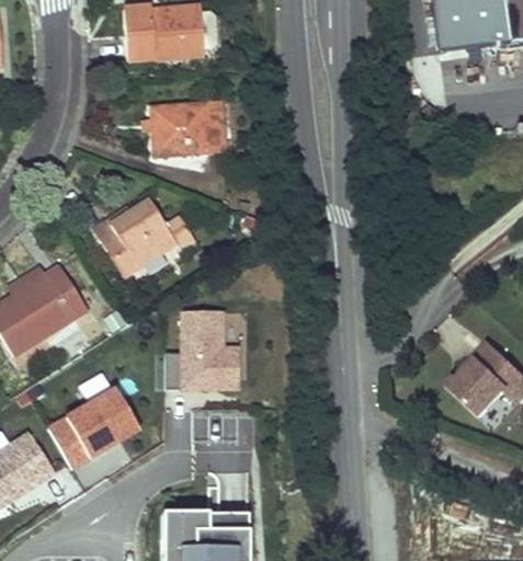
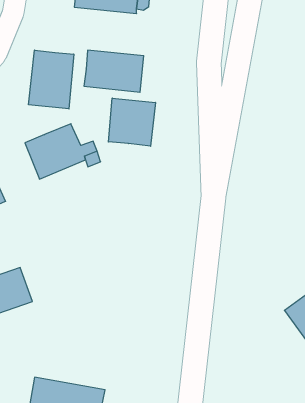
building: none -> [29,50,74,109]
building: none -> [108,98,155,146]
building: [166,310,249,400] -> none

